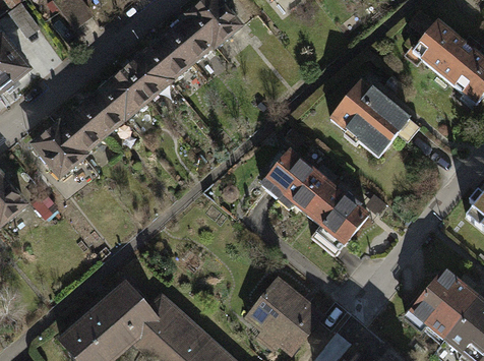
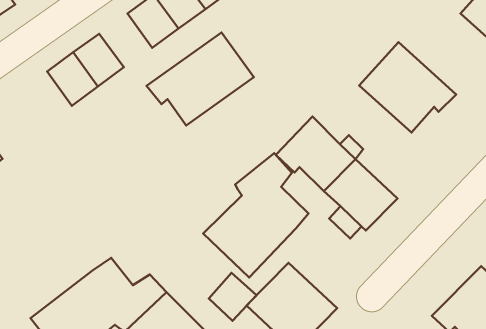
building: [102,70,148,117] -> none
building: none -> [147,33,254,126]
building: [33,123,83,175] -> none
building: none -> [203,153,309,278]
building: none -> [209,273,256,321]

